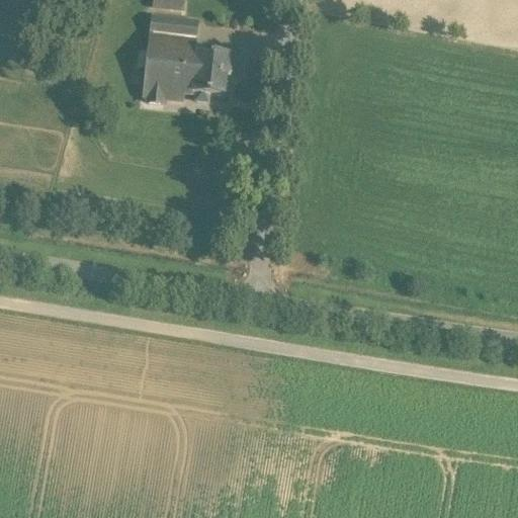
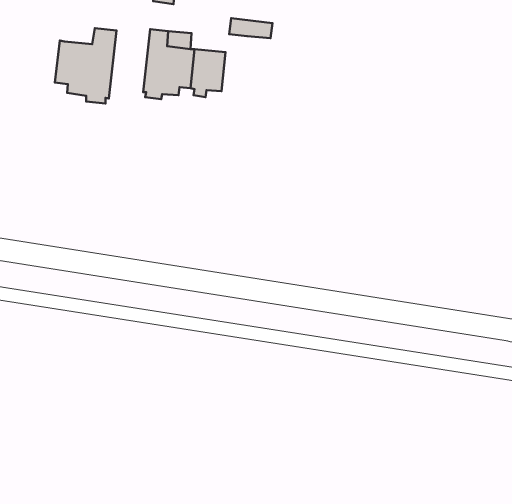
building: [152,13,195,33] -> [229,18,272,38]
building: none -> [55,28,117,103]

